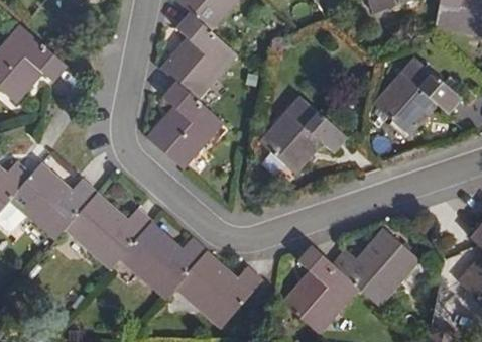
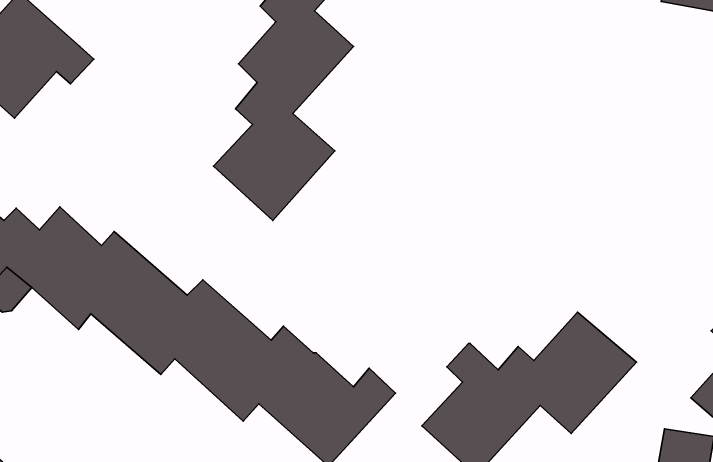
building: [374,54,462,134] -> none
building: [258,96,346,176] -> none

